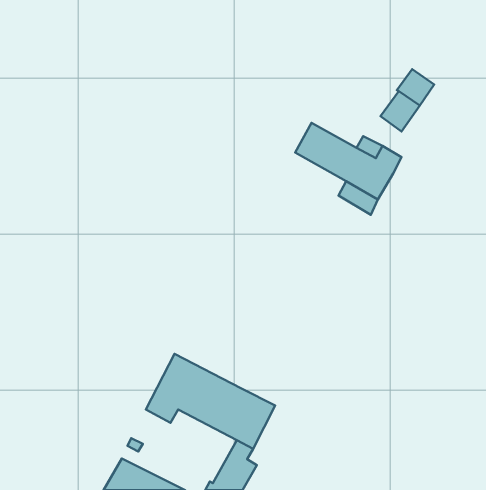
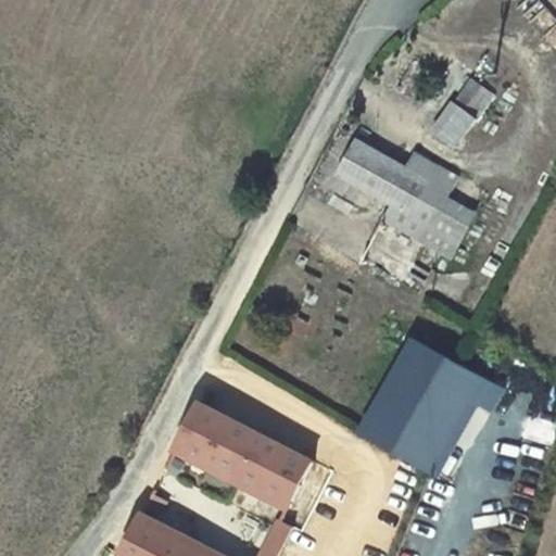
building: none -> [420,197,471,258]
building: none -> [359,340,502,472]

